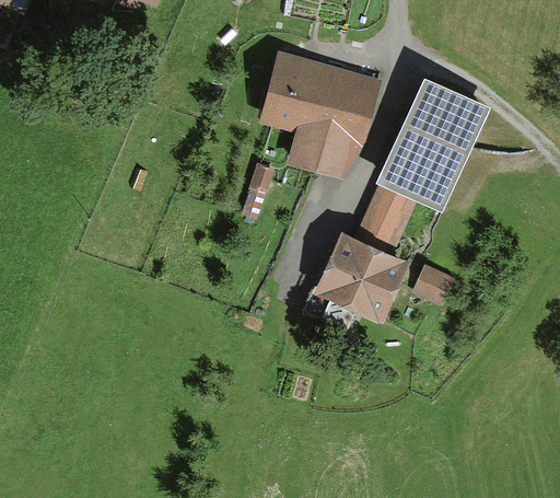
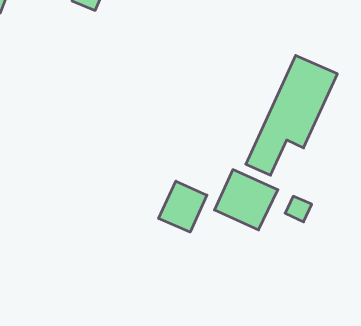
building: [265,58,373,173] -> none
building: none -> [159,181,207,232]

